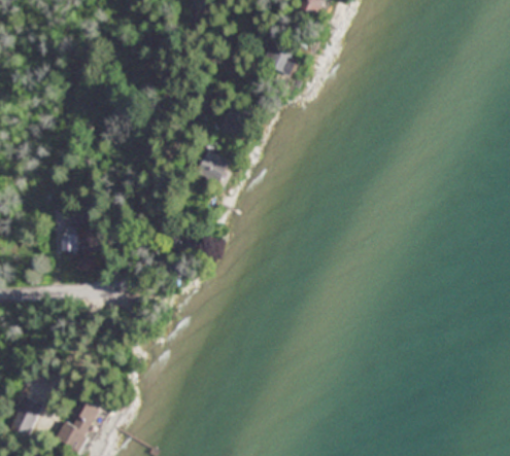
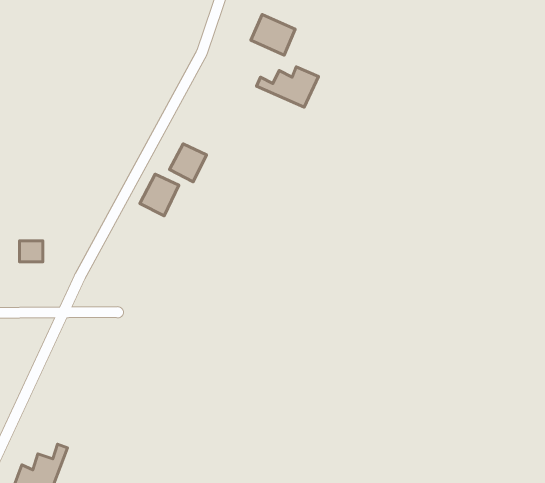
building: none -> [257,67,318,107]
building: none -> [140,174,179,216]

